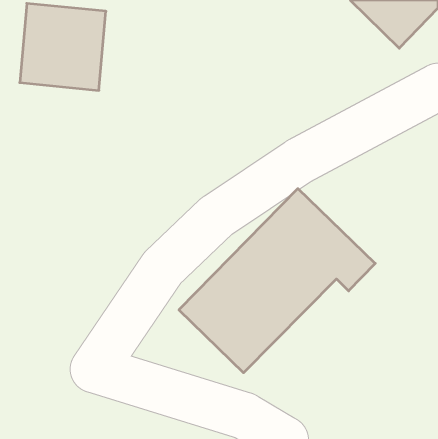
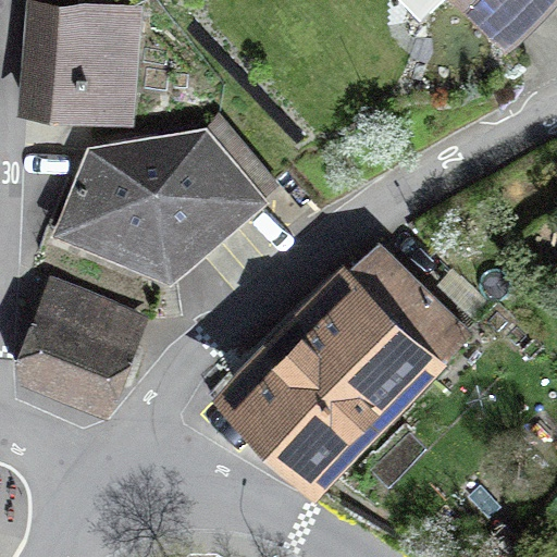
building: none -> [55,131,257,261]
building: none -> [21,283,135,401]

